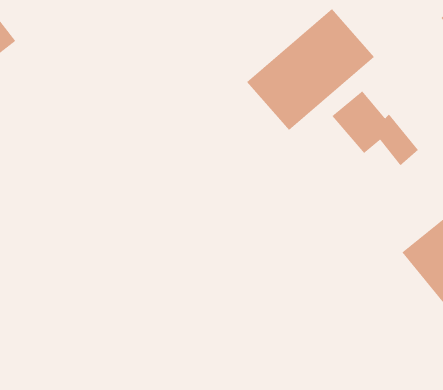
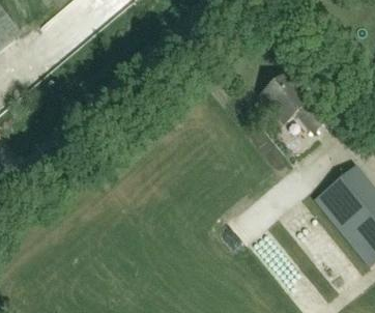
building: [246,8,375,131] -> none

